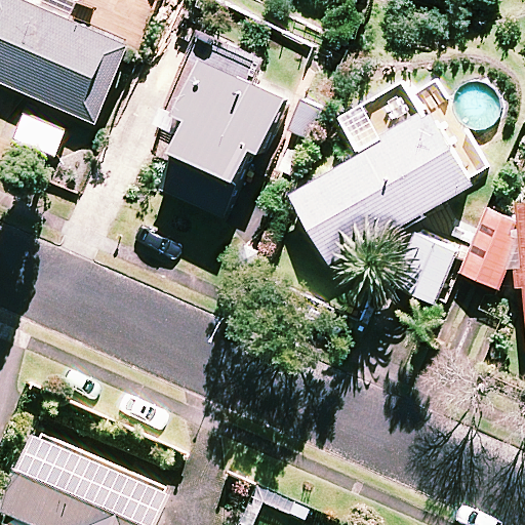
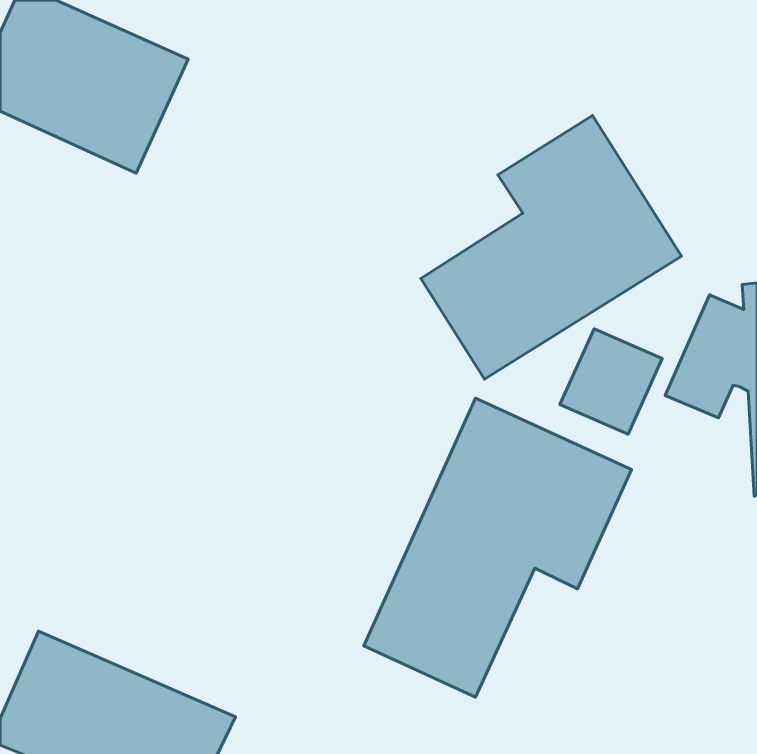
building: [156,35,286,215] -> none
building: none -> [364,398,631,697]

